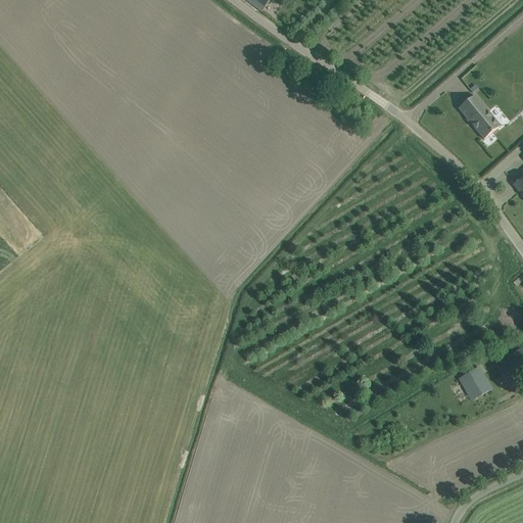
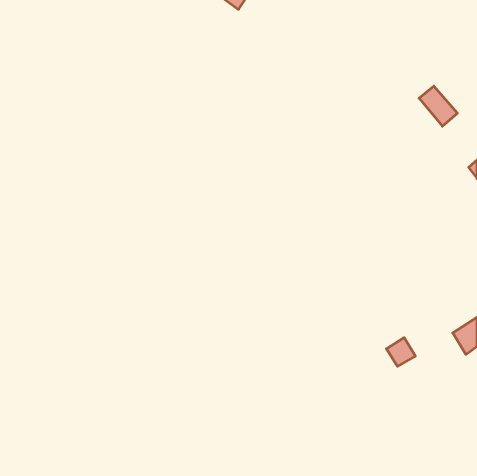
building: [459,366,490,397] -> [386,338,415,366]

